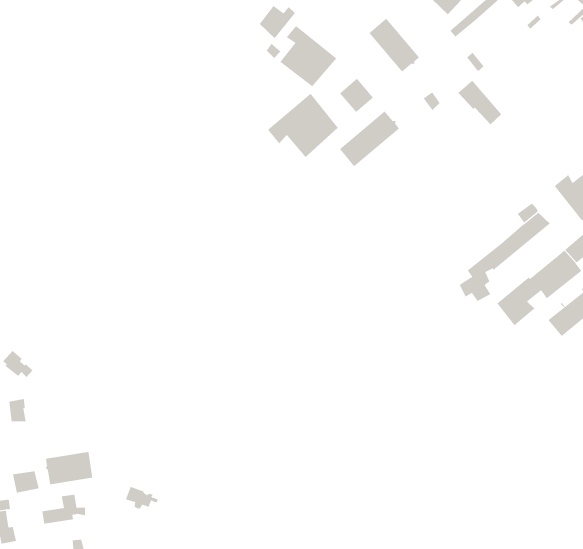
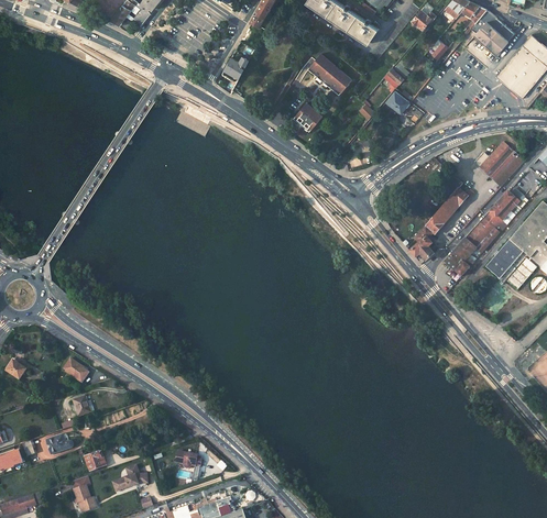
building: [279,25,337,87] -> none
building: [267,93,339,158] -> none
building: [339,110,400,167] -> none
building: [45,451,93,485] -> none

